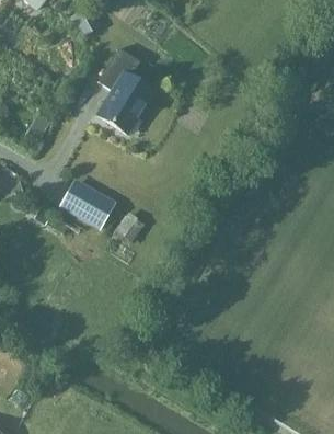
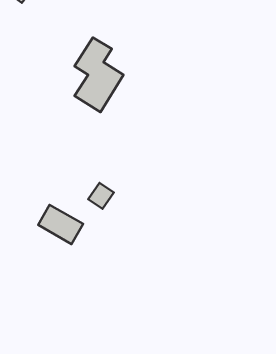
building: [62,182,114,227] -> [38,205,83,244]

